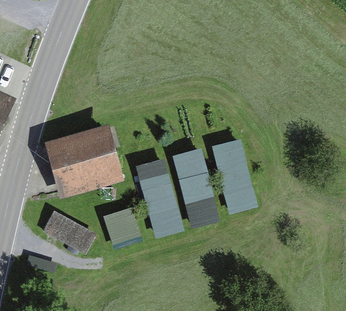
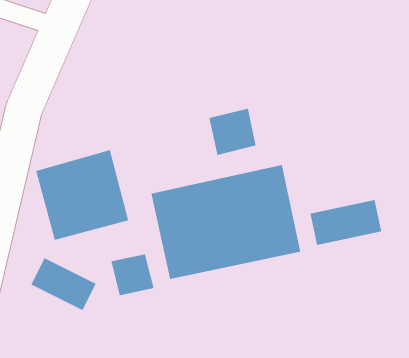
building: none -> [209,108,257,156]
building: none -> [309,199,382,246]

